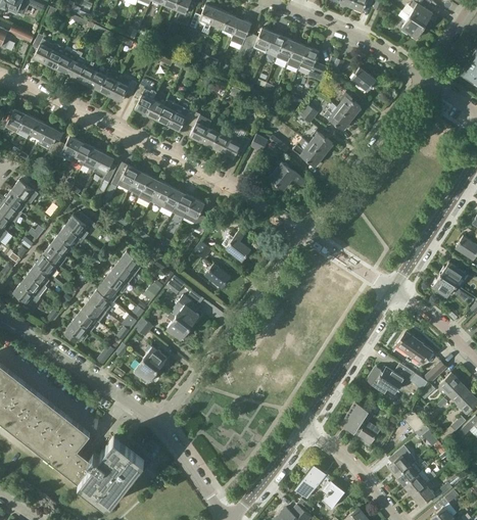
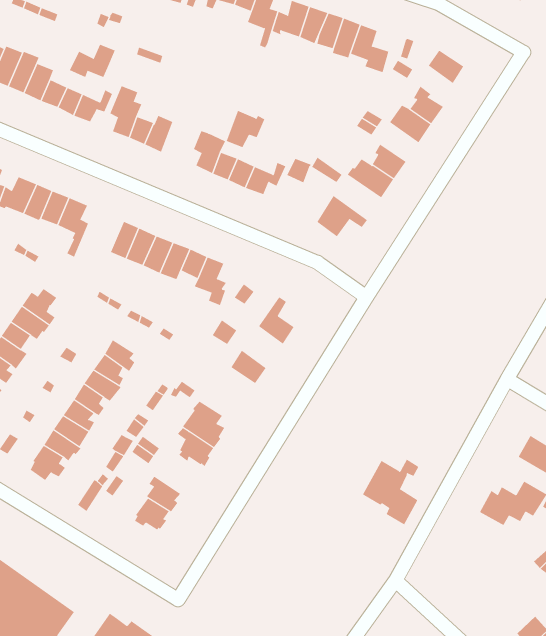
building: none -> [69,44,116,78]
building: [168,105,195,131] -> [226,110,265,148]
building: [111,166,139,191] -> none
building: [341,401,381,446] -> [362,459,419,525]

